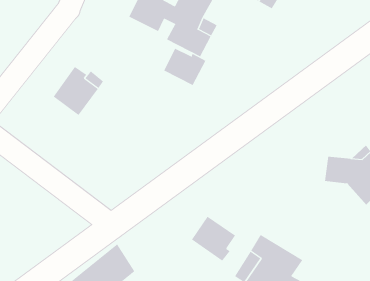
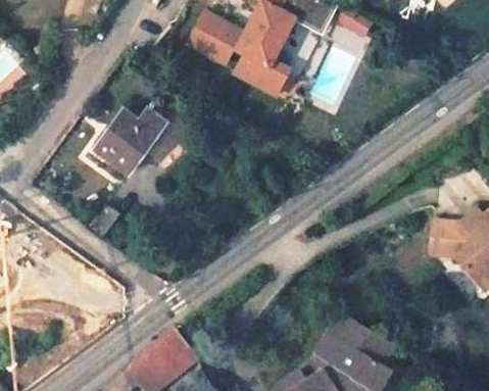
building: [163,48,206,86] -> none
building: [191,216,236,262] -> none

